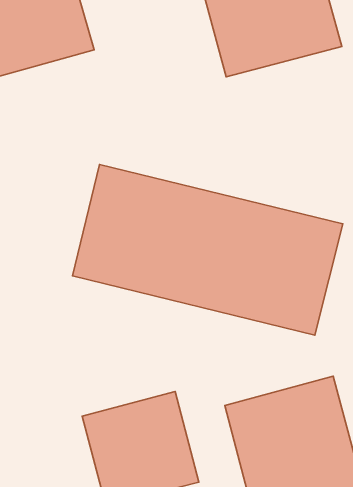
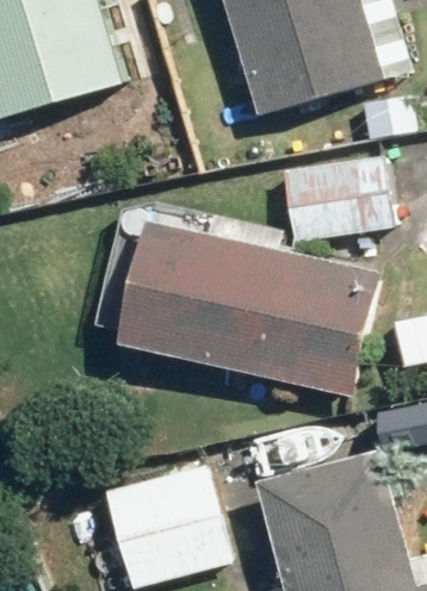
building: none -> [279,154,395,243]

